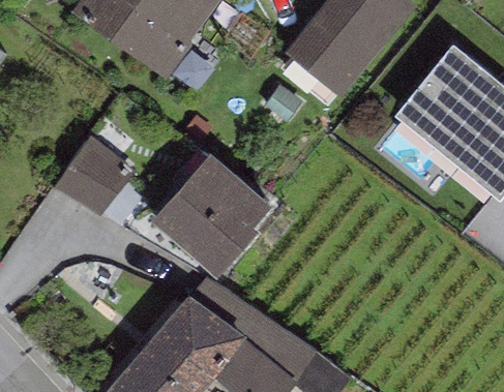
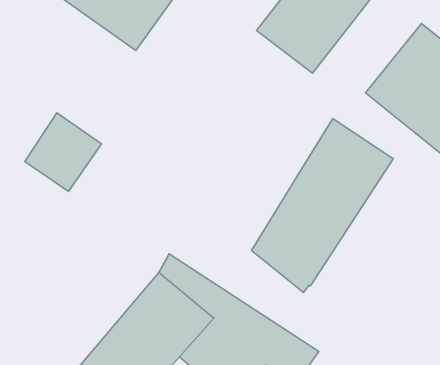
building: none -> [251,119,393,293]
building: [149,156,274,281] -> none

